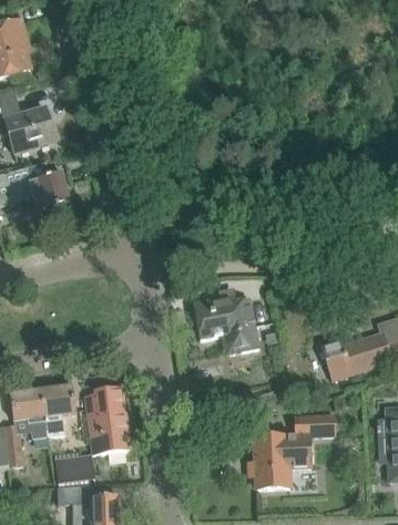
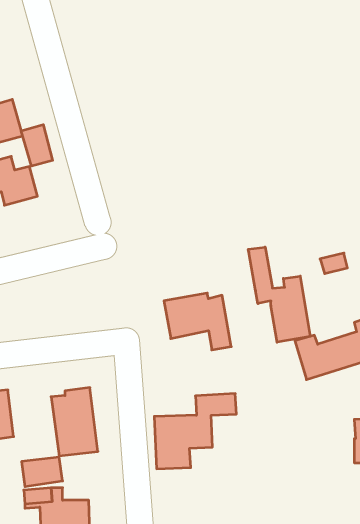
building: none -> [21,125,53,166]
building: none -> [248,247,310,342]
building: [41,384,76,434] -> none
building: [254,414,334,487] -> [154,394,236,469]

